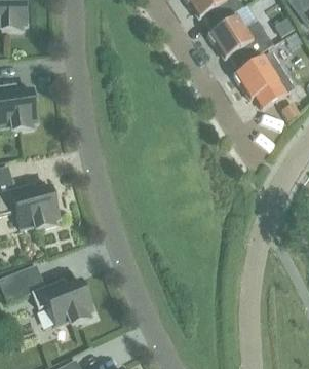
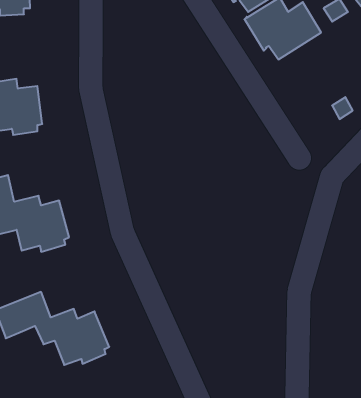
building: [233,50,295,108] -> none

